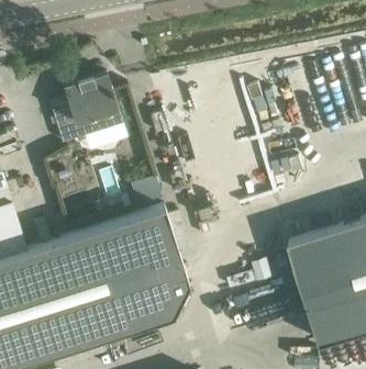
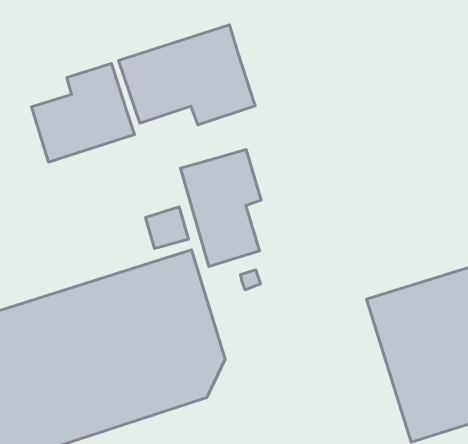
building: none -> [119,25,255,125]
building: none -> [181,150,261,266]

